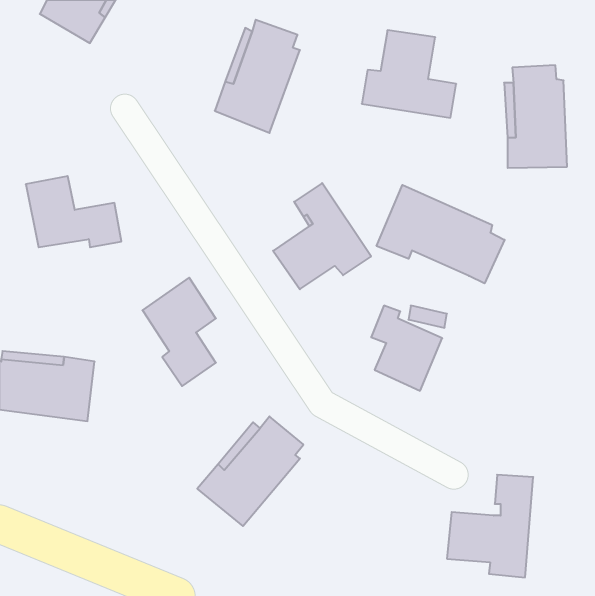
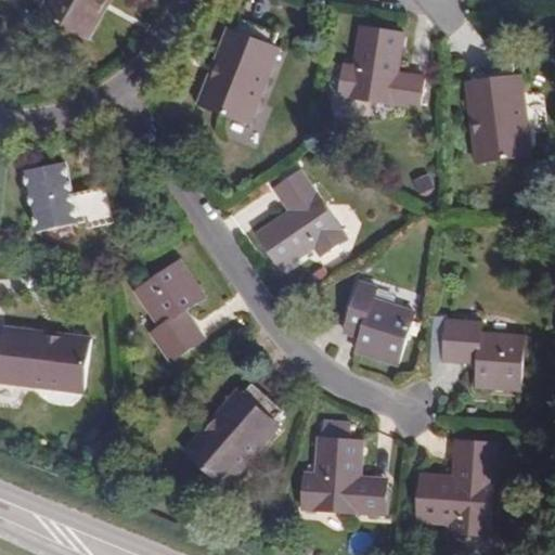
building: [377,185,505,283] -> none
building: none -> [441,322,521,389]
building: none -> [300,435,384,512]

